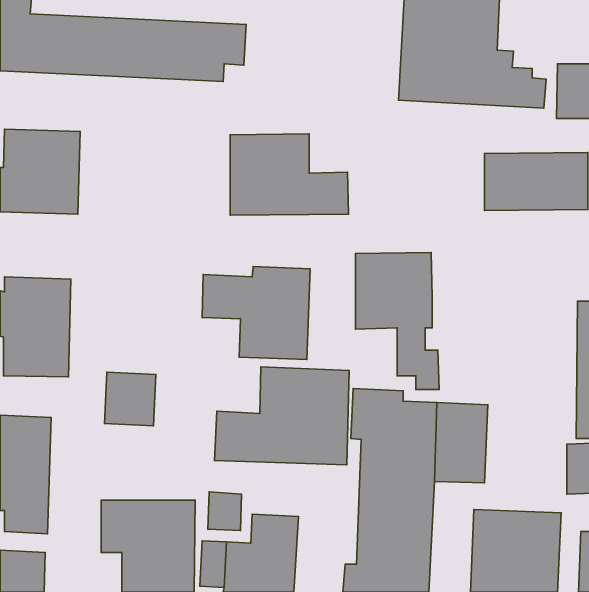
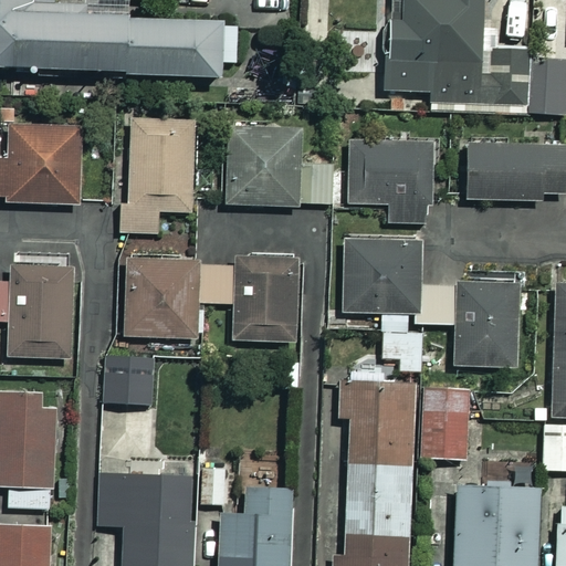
building: none -> [120,117,198,232]
building: none -> [348,139,430,222]
building: none -> [122,258,198,338]
building: none -> [416,281,517,366]
building: [214,367,349,465] -> none

